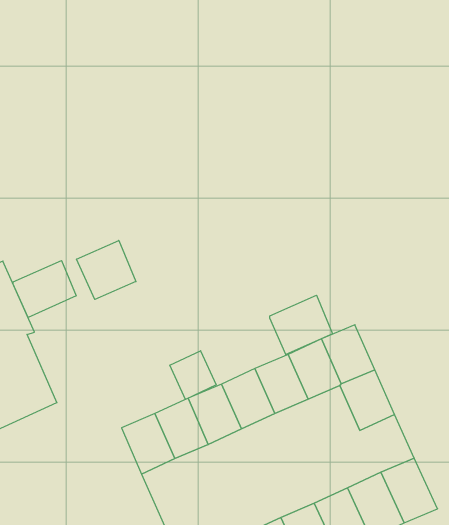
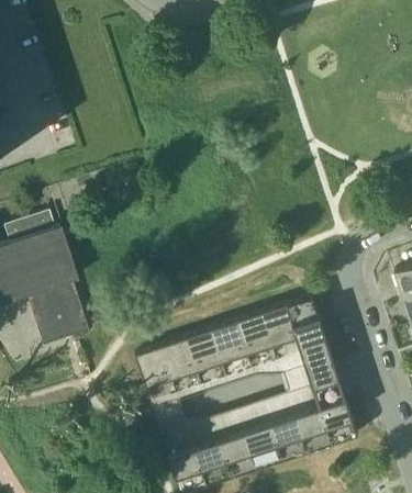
building: [77,240,136,299] -> none
building: [13,261,76,317] -> none
building: [270,295,332,355] -> none
building: [170,351,216,399] -> none

